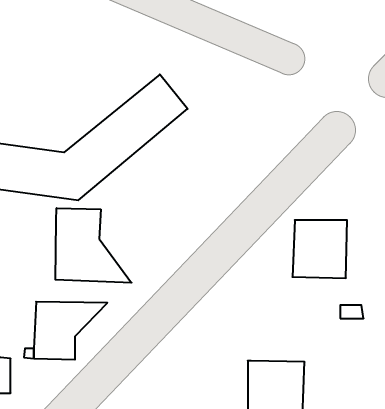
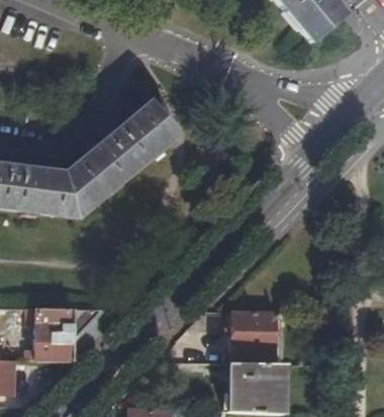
building: [55,208,132,283] -> none
building: [292,220,347,278] -> [234,311,284,363]

